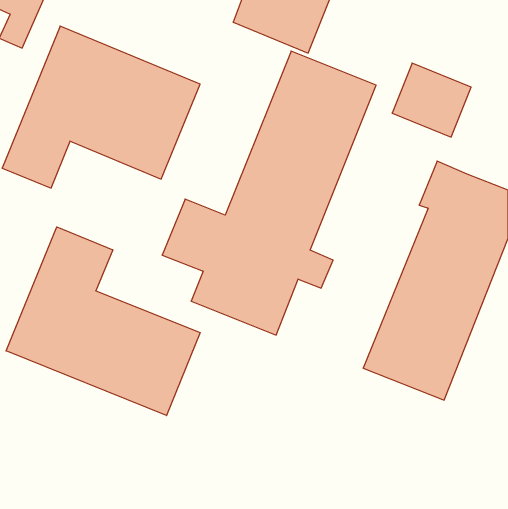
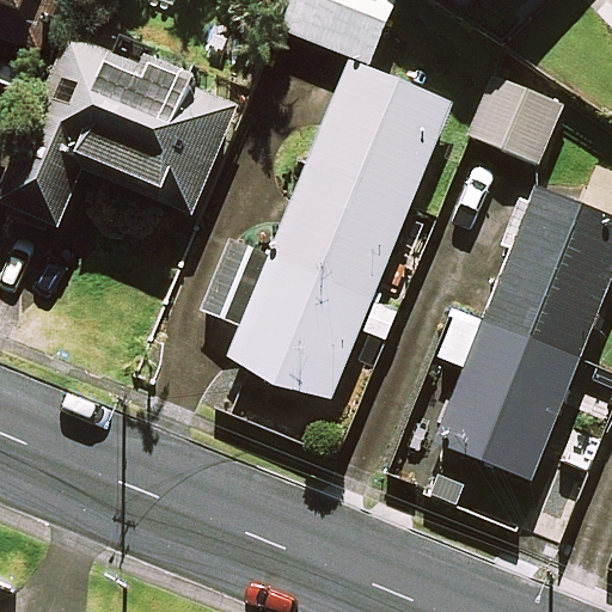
building: [6,227,200,416] -> none

